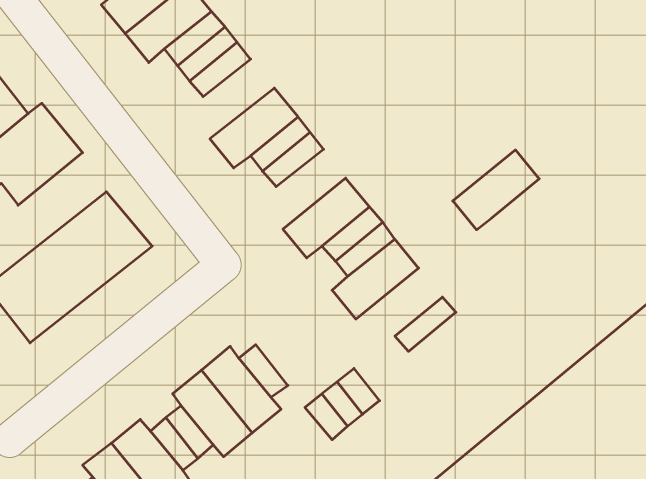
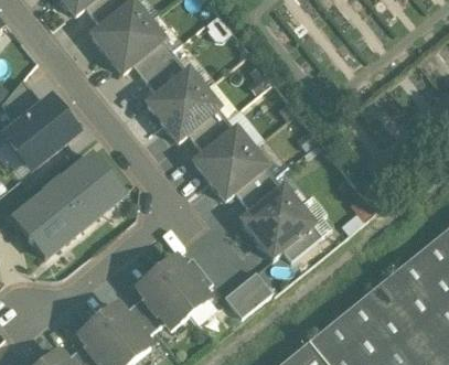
building: none -> [147,71,203,122]
building: none -> [193,129,249,181]
building: [453,150,539,230] -> [256,206,312,258]

